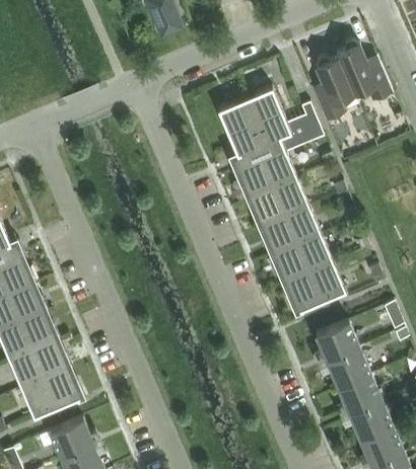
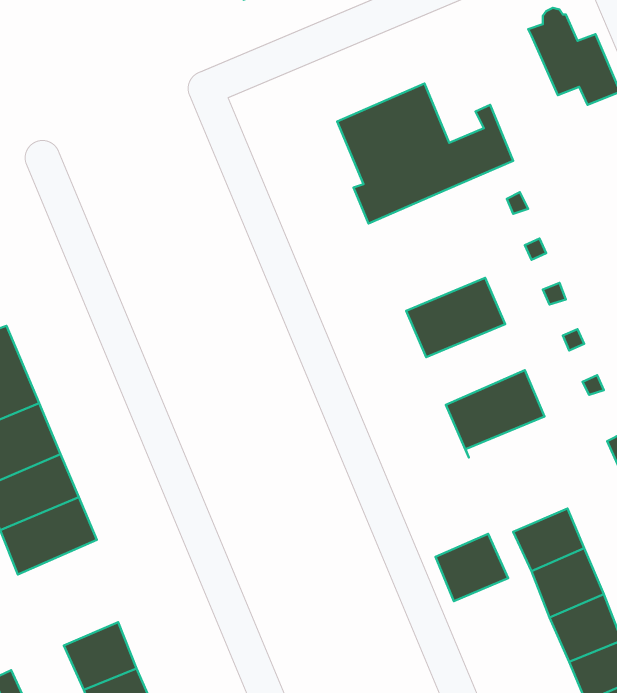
building: [311,57,354,121] -> none
building: [237,152,309,227] -> none
building: [273,235,334,285] -> none
building: [316,321,360,363] -> [436,534,508,601]
building: [21,368,84,417] -> none

